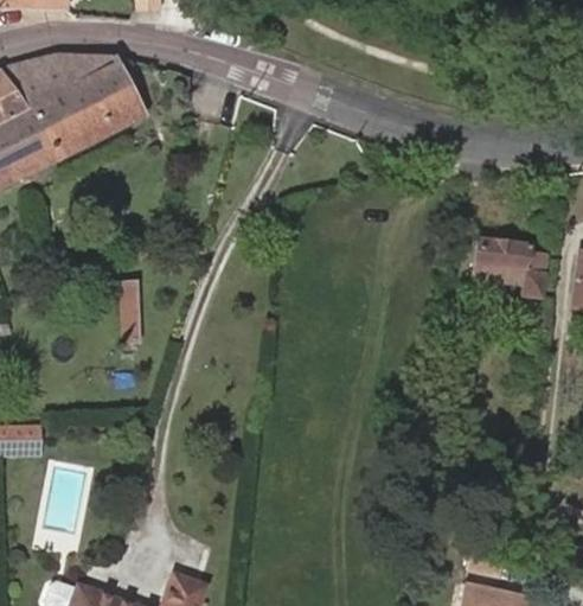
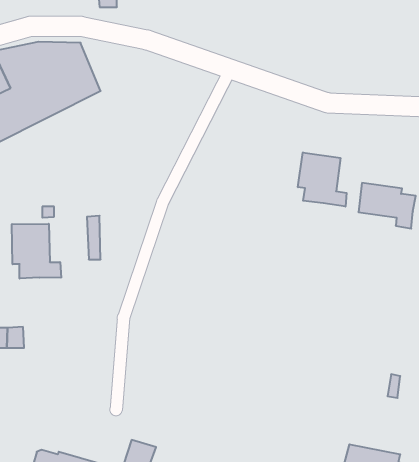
building: none -> [298,152,347,207]
building: none -> [12,224,61,279]

